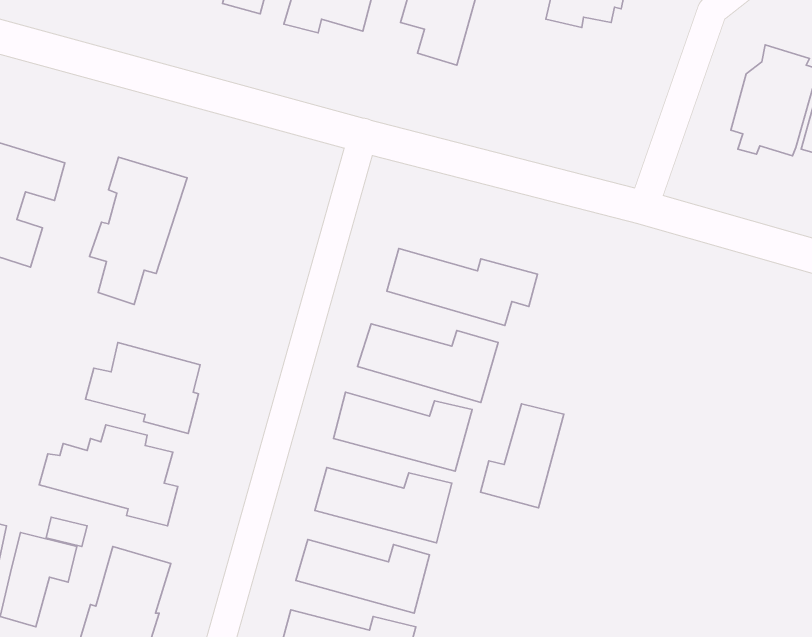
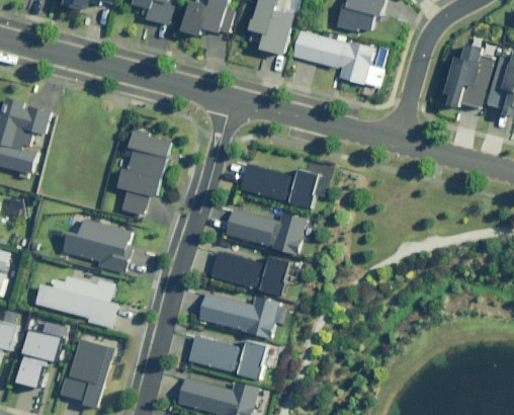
building: none -> [291,30,381,86]
building: [90,157,187,304] -> [116,129,174,216]
building: [481,404,564,508] -> none

